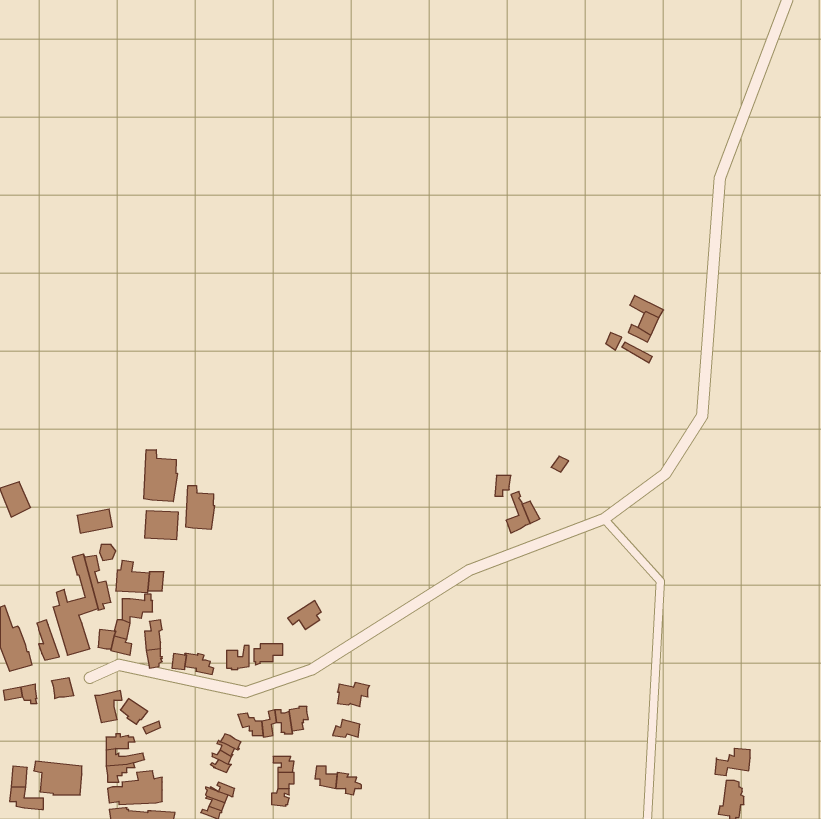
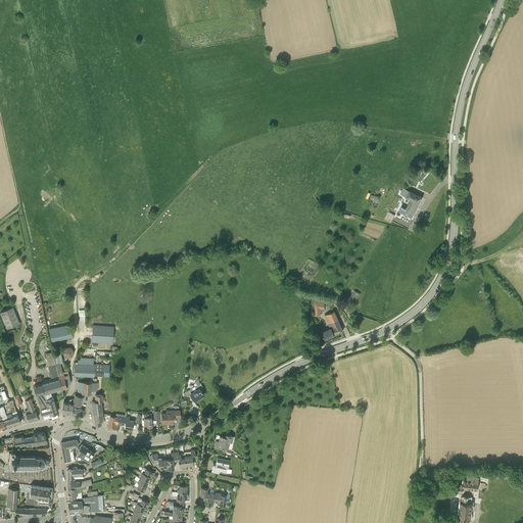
building: [144,450,177,502] -> none
building: [186,486,215,529] -> none
building: none -> [8,450,49,471]

